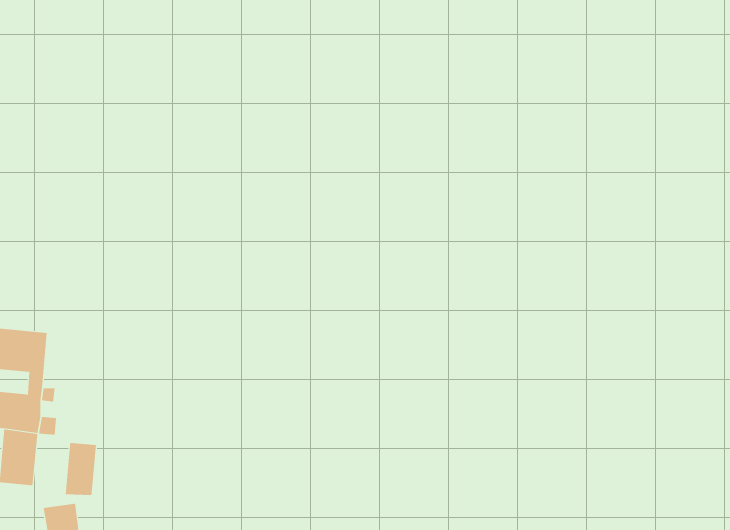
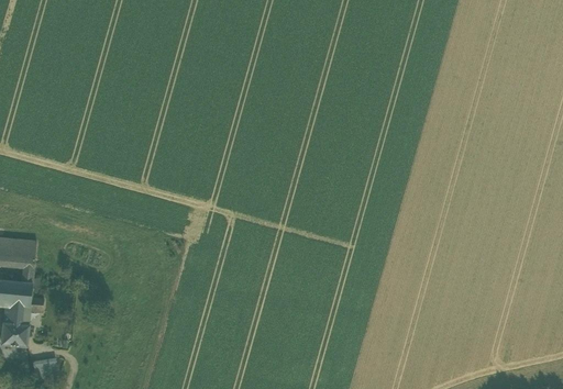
building: [65,442,96,496] -> none

